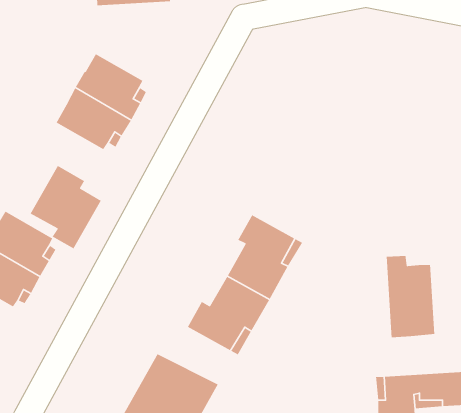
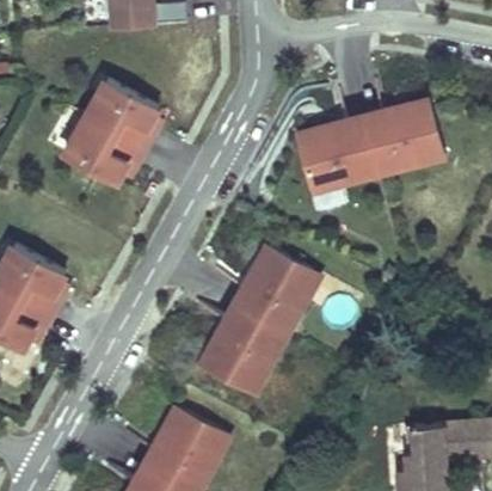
building: none -> [284,98,437,198]
building: [29,165,102,249] -> none
building: [386,255,435,338] -> none

